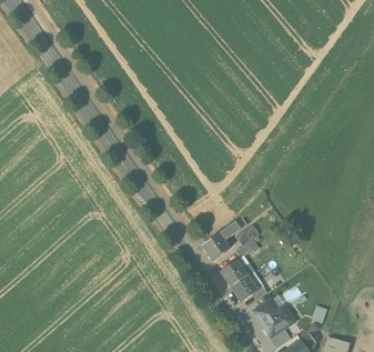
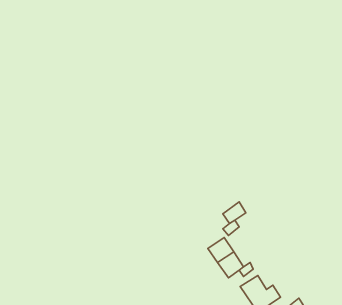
building: [202,221,240,260] -> none

